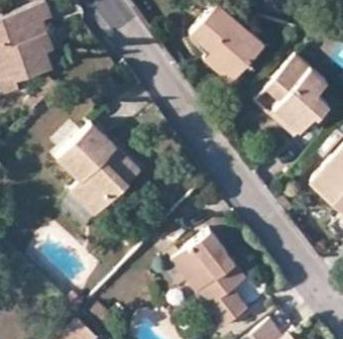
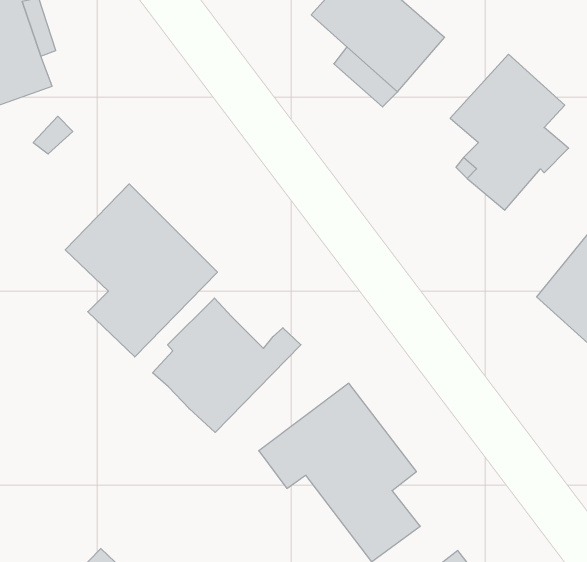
building: none -> [153,298,301,432]

